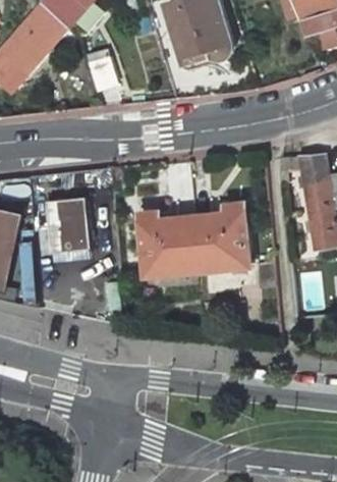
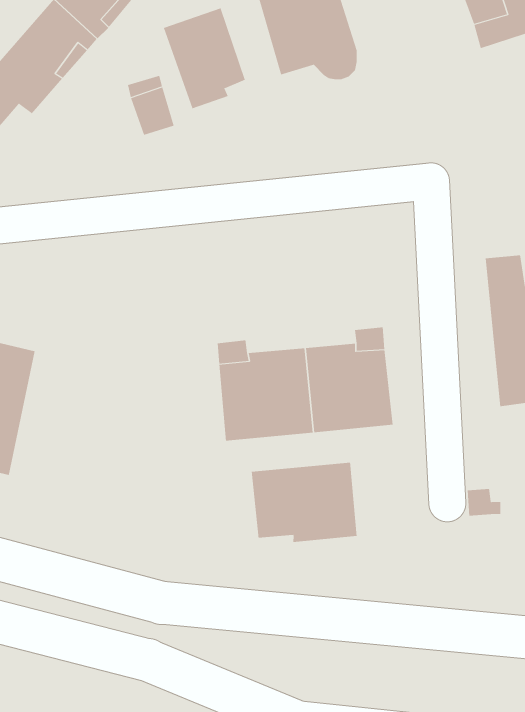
building: none -> [163,7,246,109]
building: [49,205,93,260] -> none
building: none -> [251,462,357,543]

